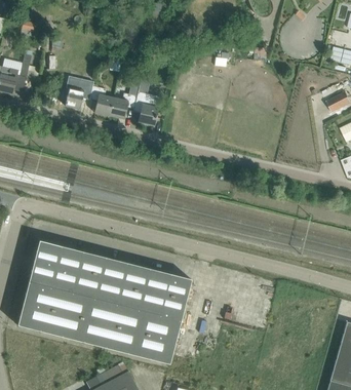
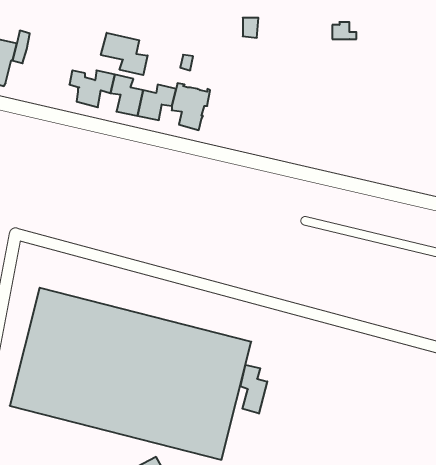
building: none -> [101,33,148,75]
building: none -> [240,365,267,414]

